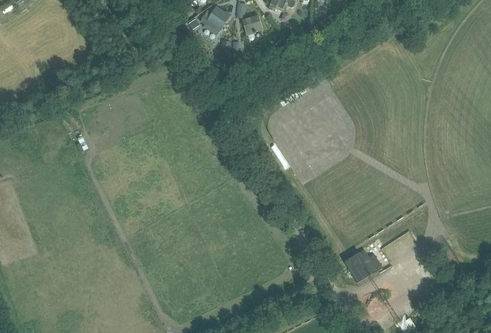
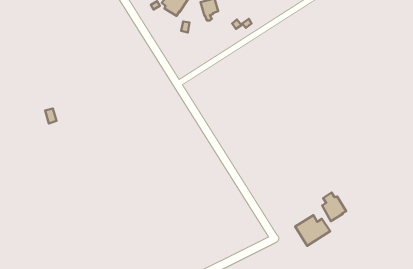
building: none -> [322,192,346,221]

